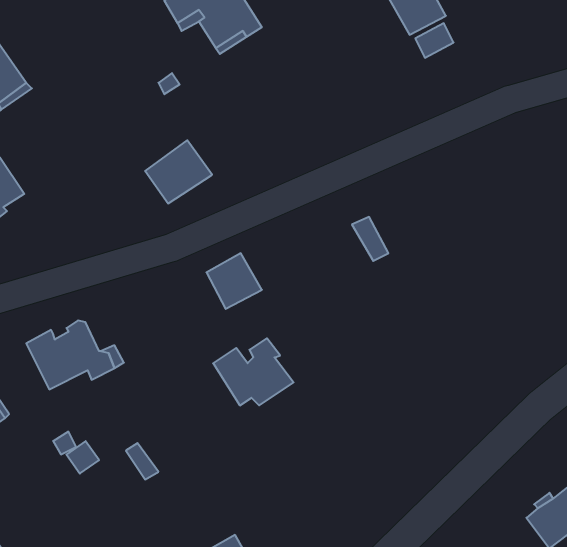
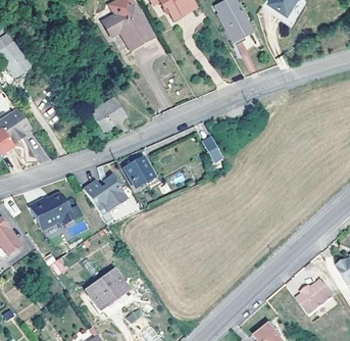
building: [213,338,294,405] -> [82,174,124,209]
building: none -> [87,271,126,307]

